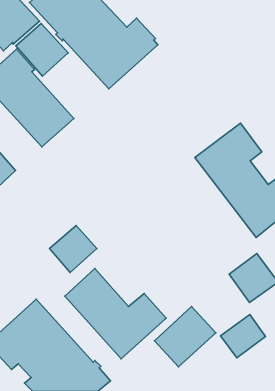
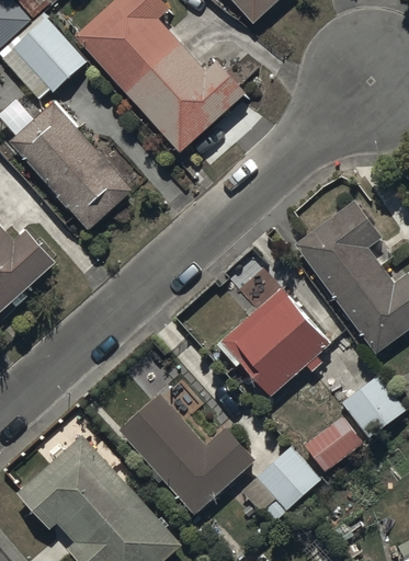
building: [16,24,68,76] -> none
building: none -> [220,265,329,397]
building: [50,225,97,273] -> none
building: [220,315,265,358] -> [302,414,362,472]

